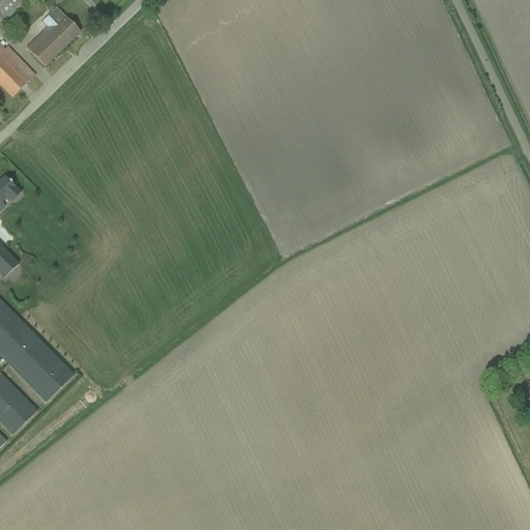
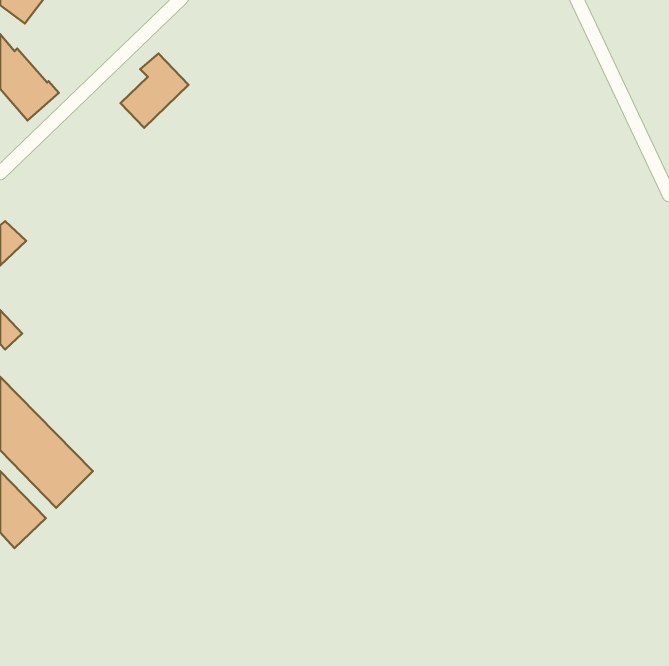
building: [24,6,78,65] -> [120,53,189,128]

